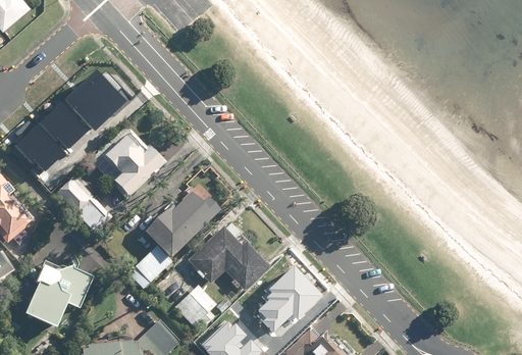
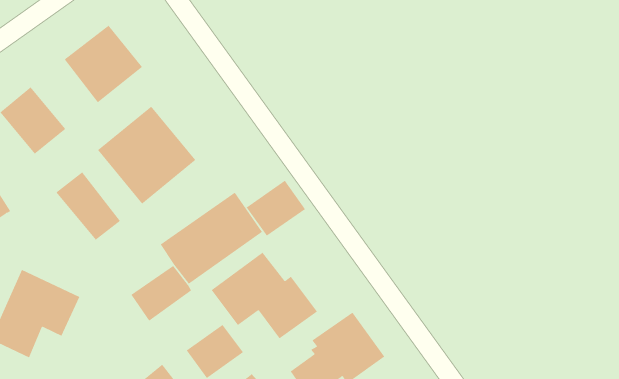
building: [34,99,86,151] -> none
building: none -> [246,180,306,237]

